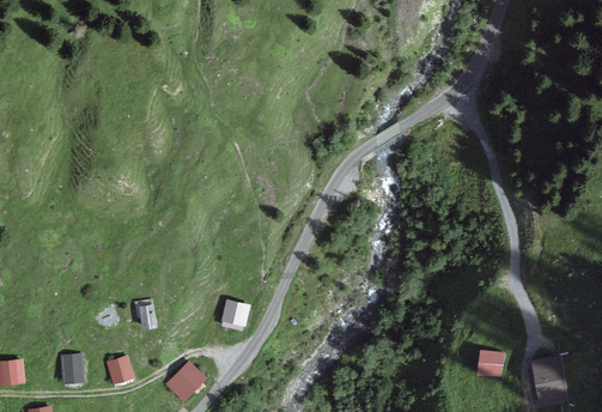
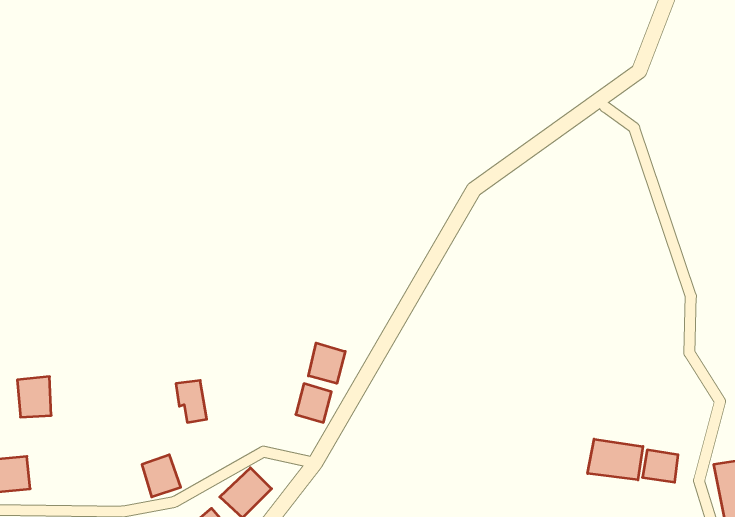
building: none -> [308,343,345,383]
building: none -> [588,439,643,480]
building: [59,353,84,383] -> [17,377,51,417]

